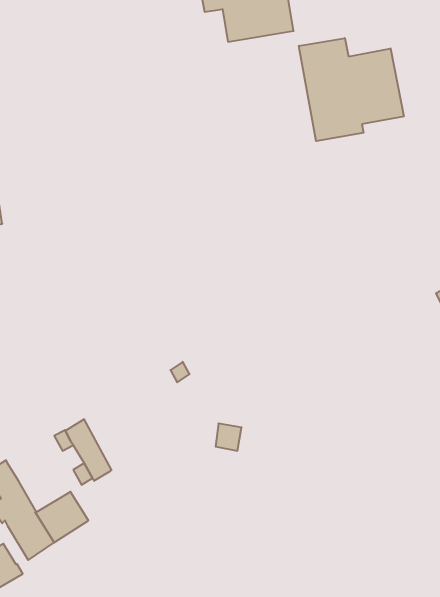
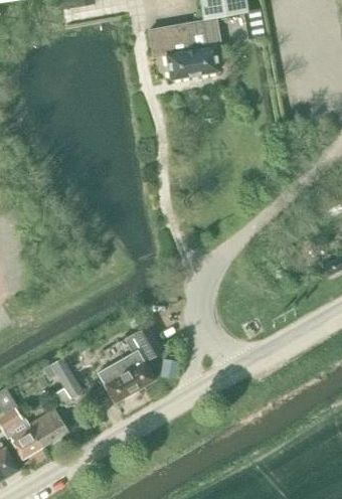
building: [299,38,404,141] -> none
building: none -> [97,325,163,402]

